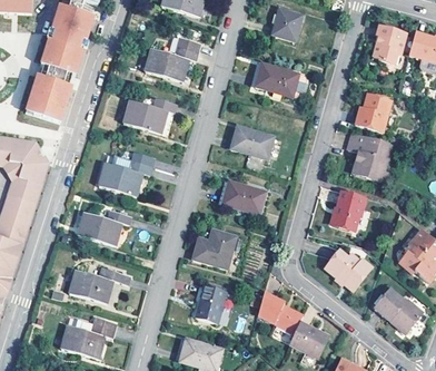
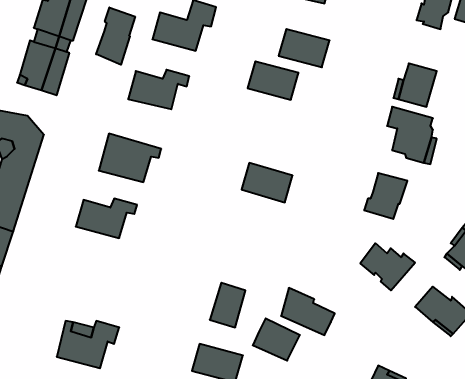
building: none -> [96,7,135,65]
building: [230,126,275,159] -> [248,61,299,100]
building: [196,230,237,270] -> none
building: [69,270,122,304] -> none
building: [289,320,330,357] -> [253,318,300,361]

